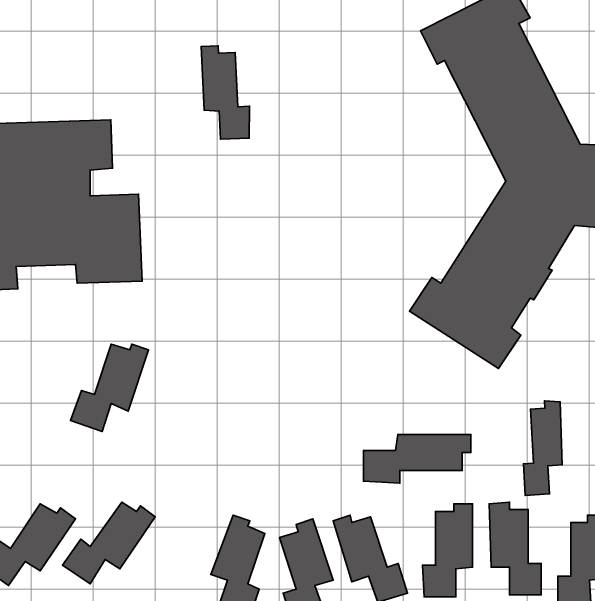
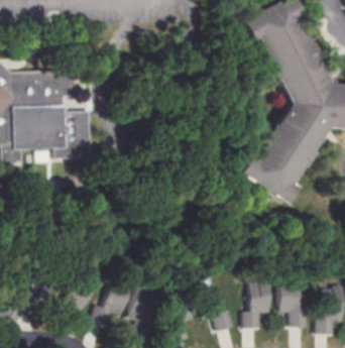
building: [201,46,250,139] -> none
building: [70,344,148,431] -> [92,279,134,327]
building: [523,401,562,495] -> none
building: [363,434,471,483] -> none

